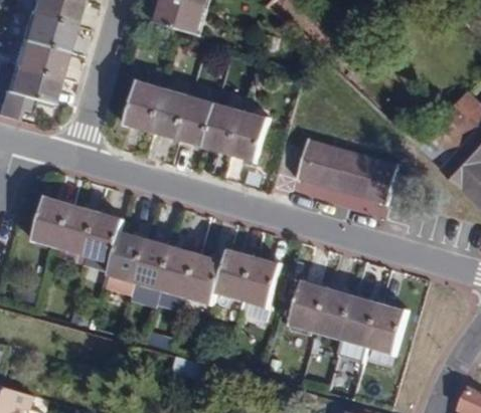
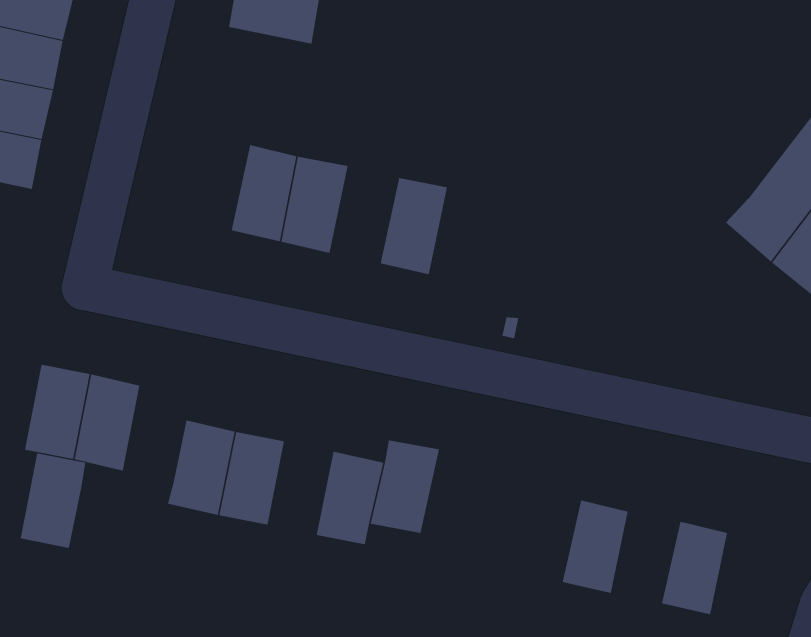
building: [125,80,164,133] -> none
building: [203,102,243,156] -> none
building: [296,140,396,204] -> none
building: [85,212,123,264] -> [20,453,86,548]
building: [160,247,197,298] -> none
building: [242,257,280,308] -> none
building: [289,281,328,333] -> none
building: [341,297,380,348] -> none

